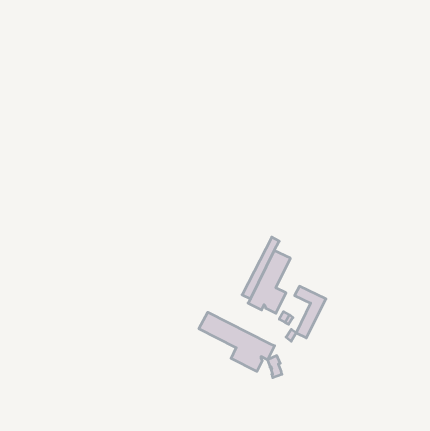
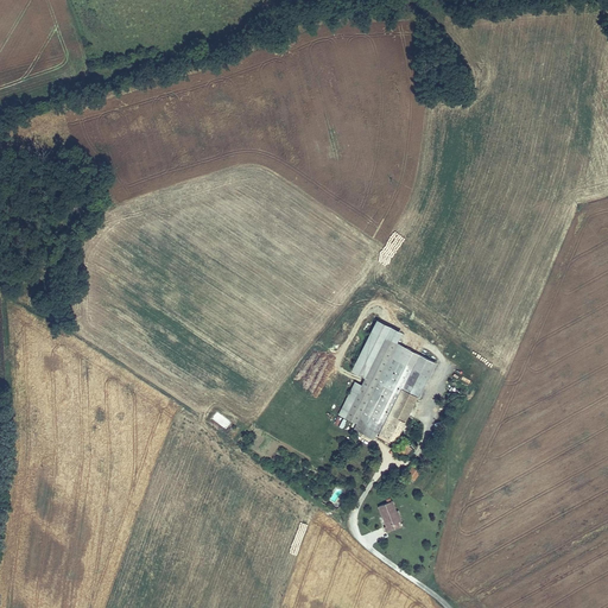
building: [295,286,326,338] -> [385,338,429,411]
building: [199,312,275,371] -> none

